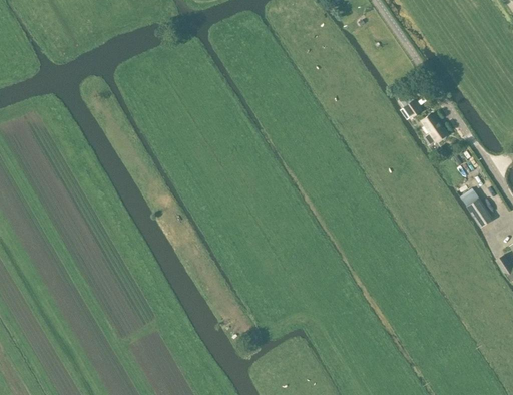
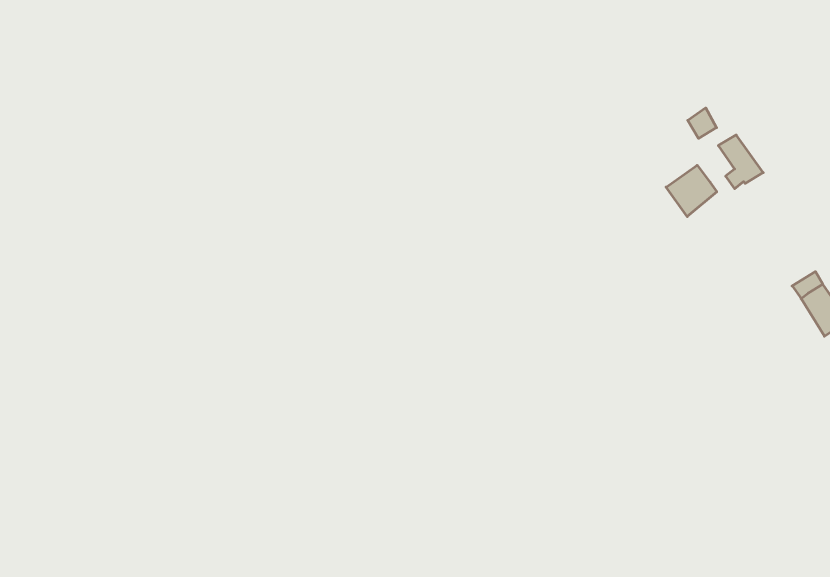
building: none -> [666,165,717,217]

